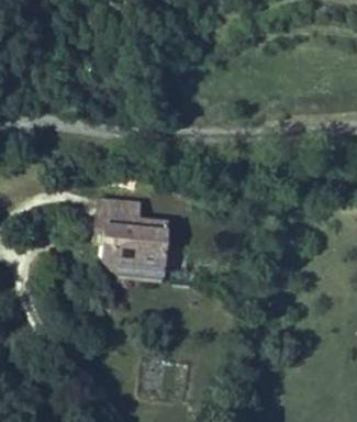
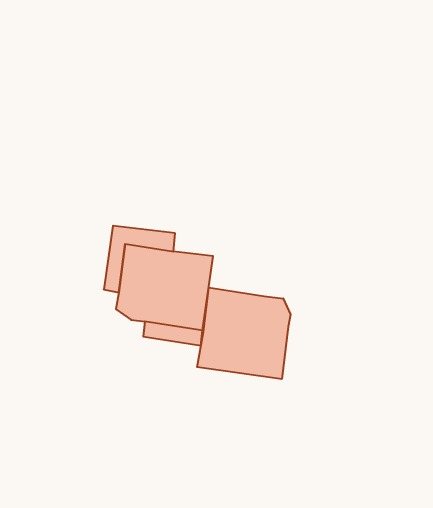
building: none -> [197,288,291,379]

